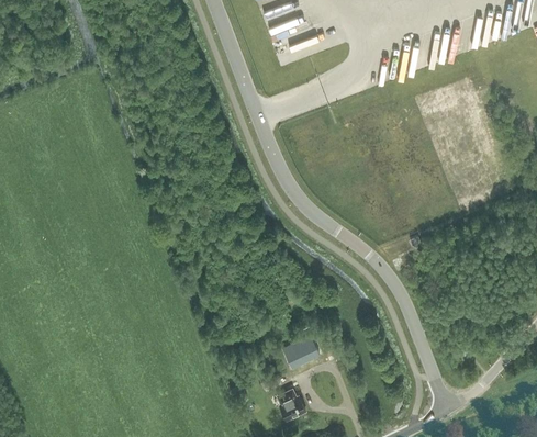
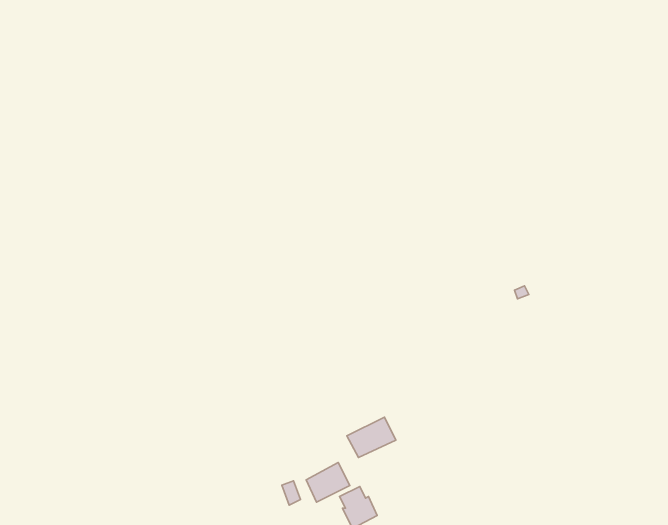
building: none -> [306,462,350,502]

